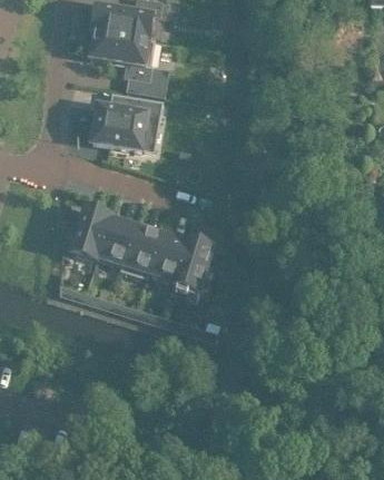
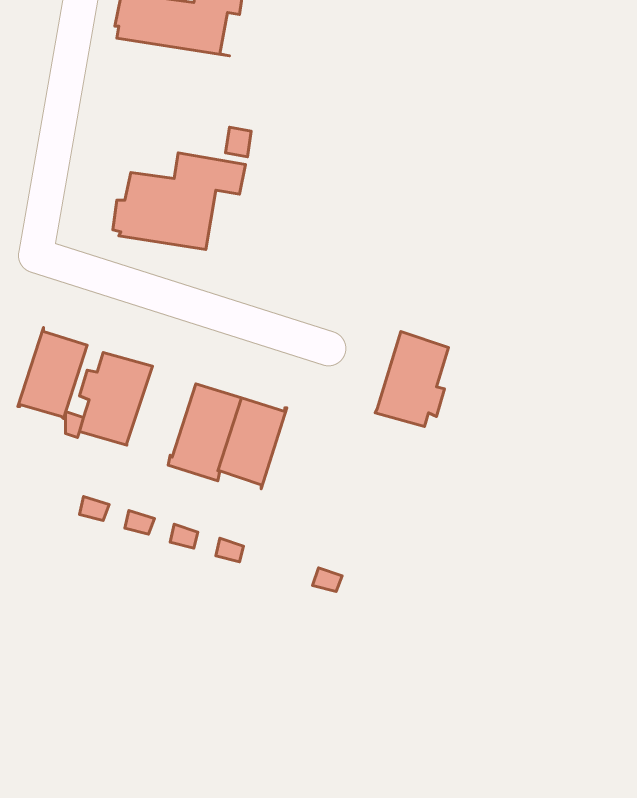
building: [87,30,154,80] -> none
building: [96,215,135,266] -> [18,327,87,418]
building: [171,238,213,292] -> [375,332,448,427]

